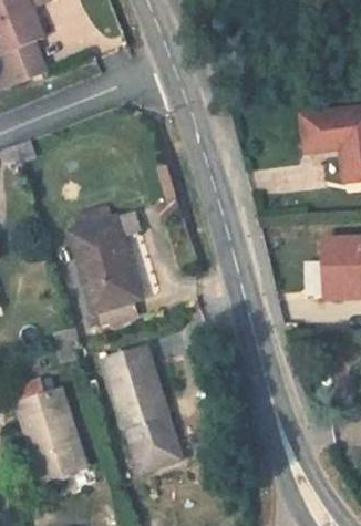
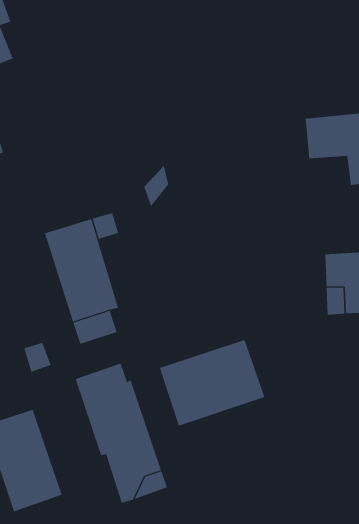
building: none -> [159,339,265,427]

